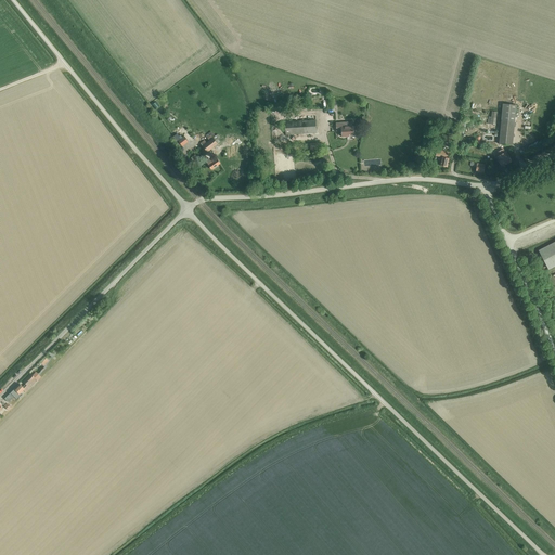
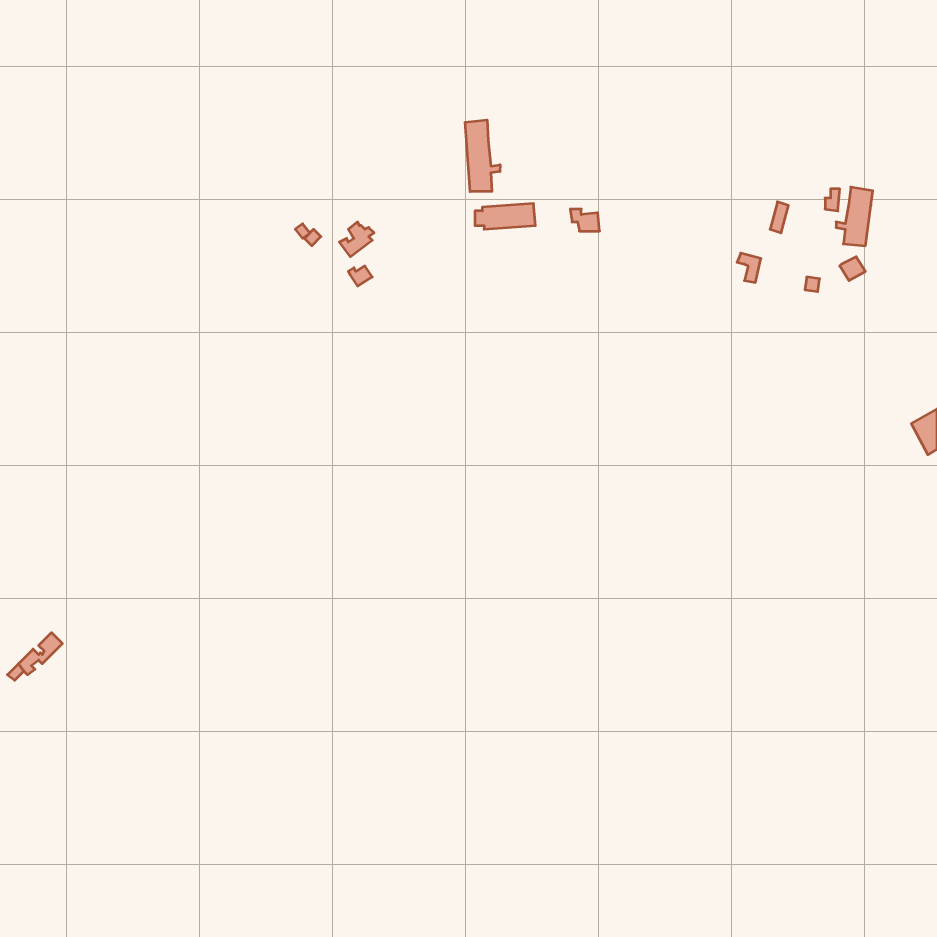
building: none -> [465,120,500,192]

